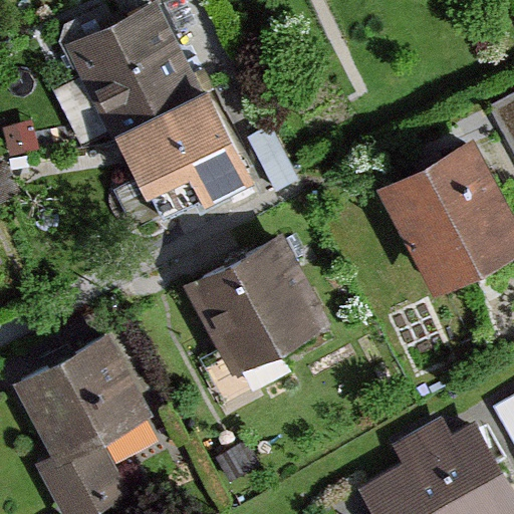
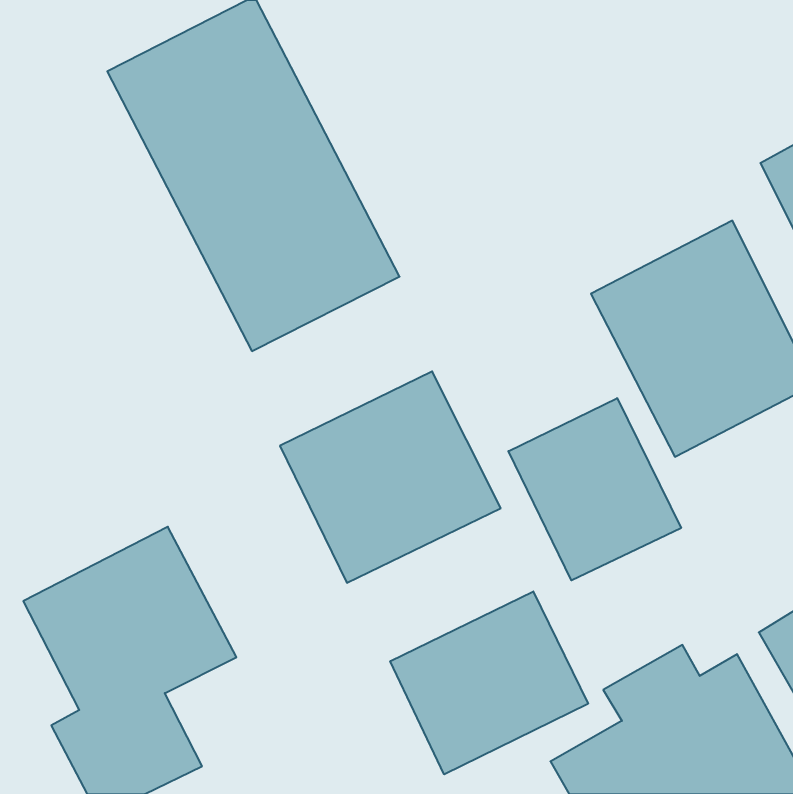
building: none -> [508,398,681,580]
building: none -> [390,591,588,774]

